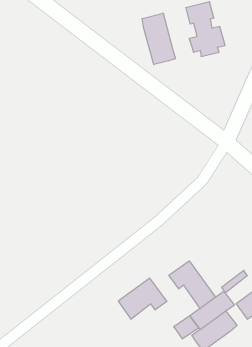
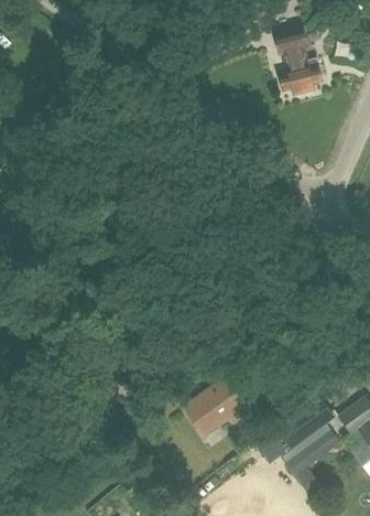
building: [142,13,176,65] -> none
building: [169,261,215,309] -> none

